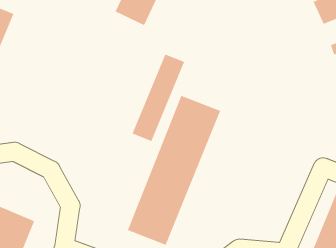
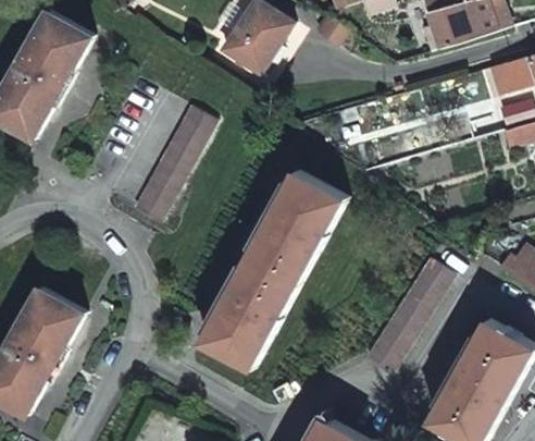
building: [132,53,185,142] -> [133,107,215,221]
building: none -> [366,256,456,369]

